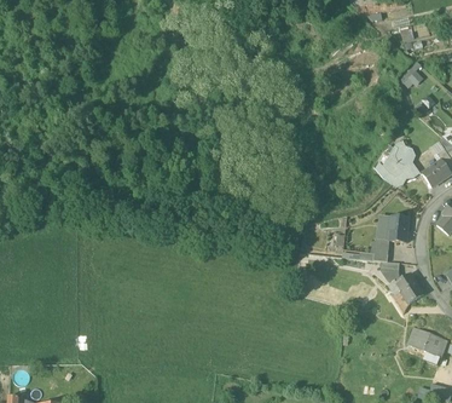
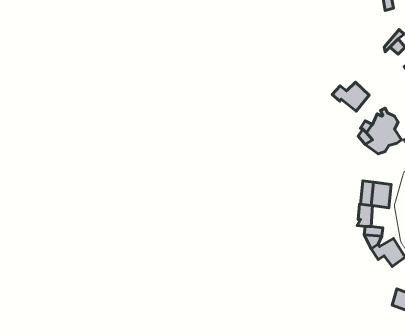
building: none -> [332,82,369,111]

